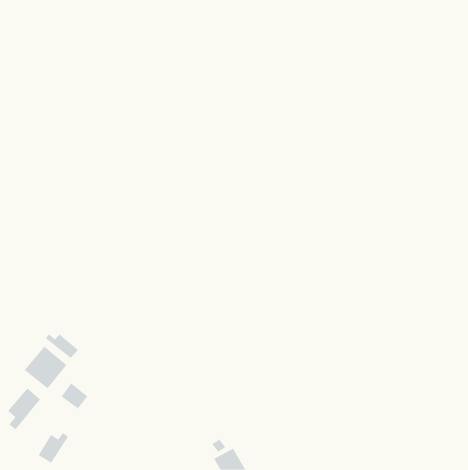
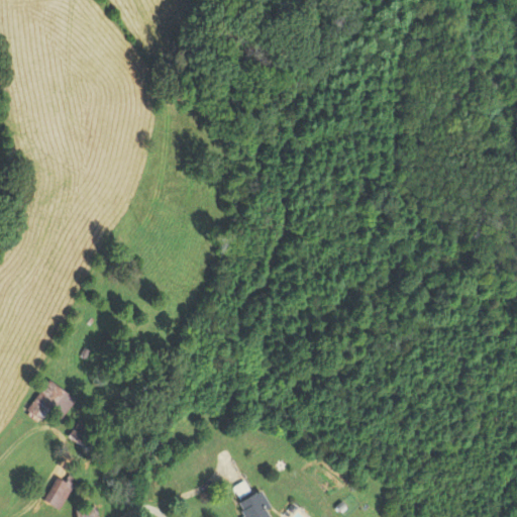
building: [45,333,79,359] -> none
building: [7,387,41,430] -> none

